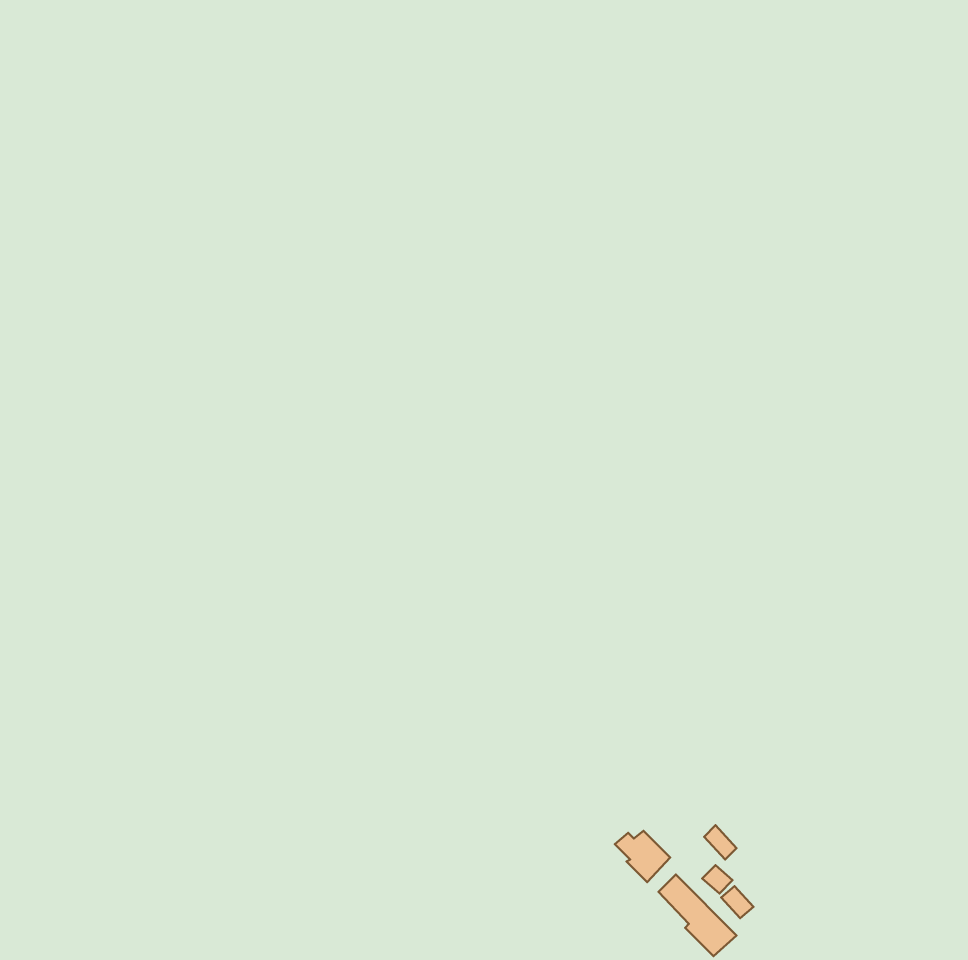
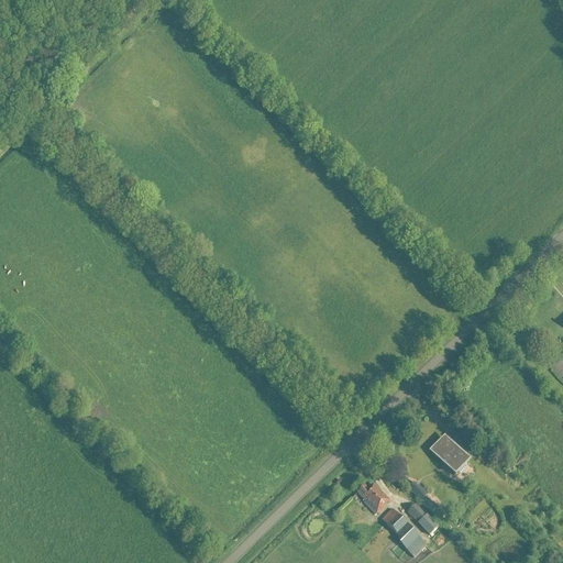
building: none -> [430,433,471,474]

